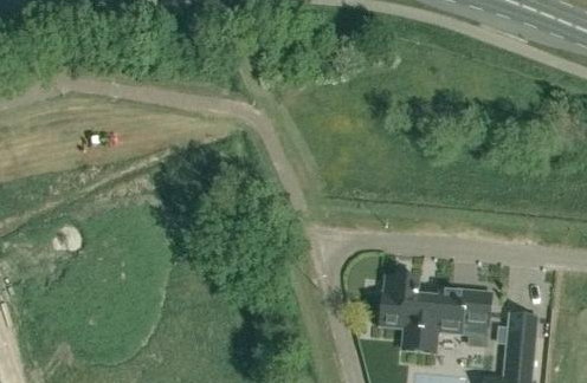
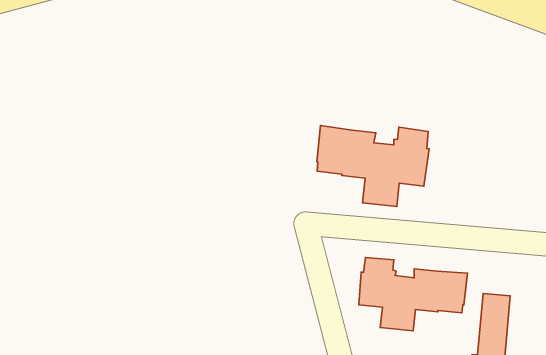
building: none -> [317,125,429,207]

